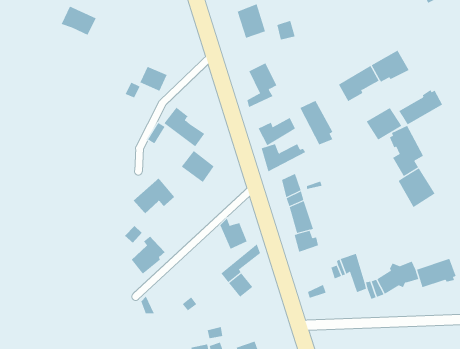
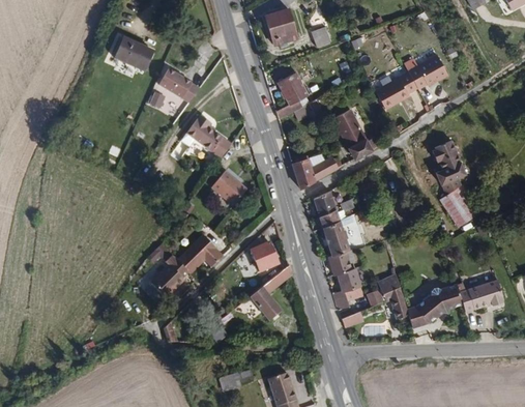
building: [61,6,96,36] -> [115,40,153,72]
building: [399,89,443,125] -> none
building: [366,107,402,140] -> none
building: [258,117,296,146] -> none
building: [133,177,175,214] -> [178,236,224,275]
building: none -> [332,267,360,310]

